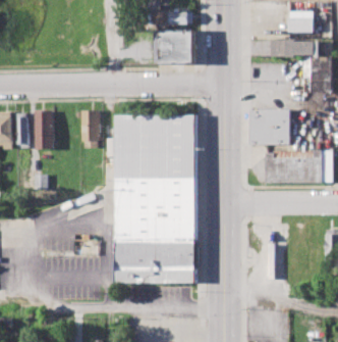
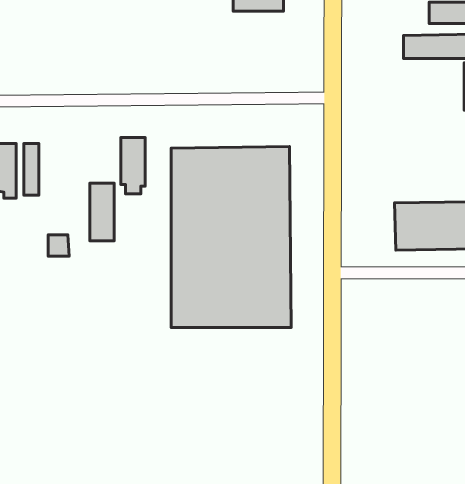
building: [158,31,195,63] -> none
building: [249,108,289,143] -> none
building: [36,110,52,149] -> [90,183,114,241]
building: [115,236,195,282] -> none

